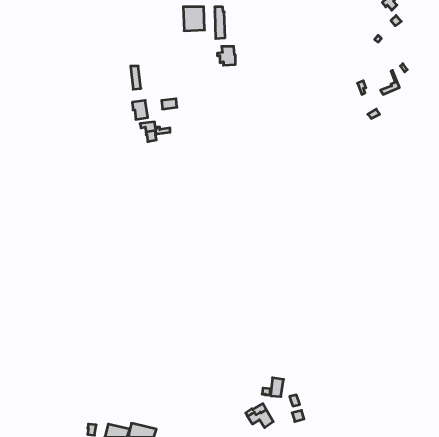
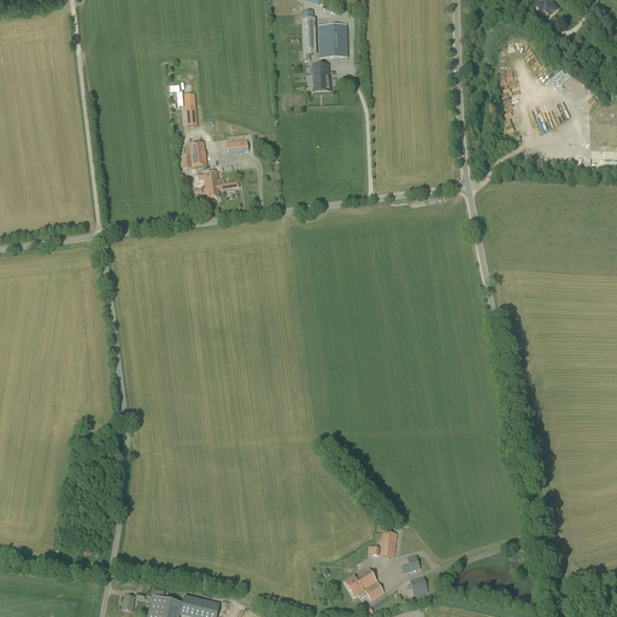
building: [183,7,205,31] -> [318,24,348,58]

